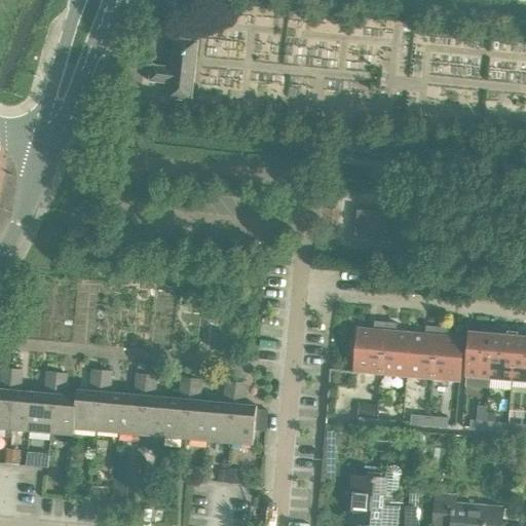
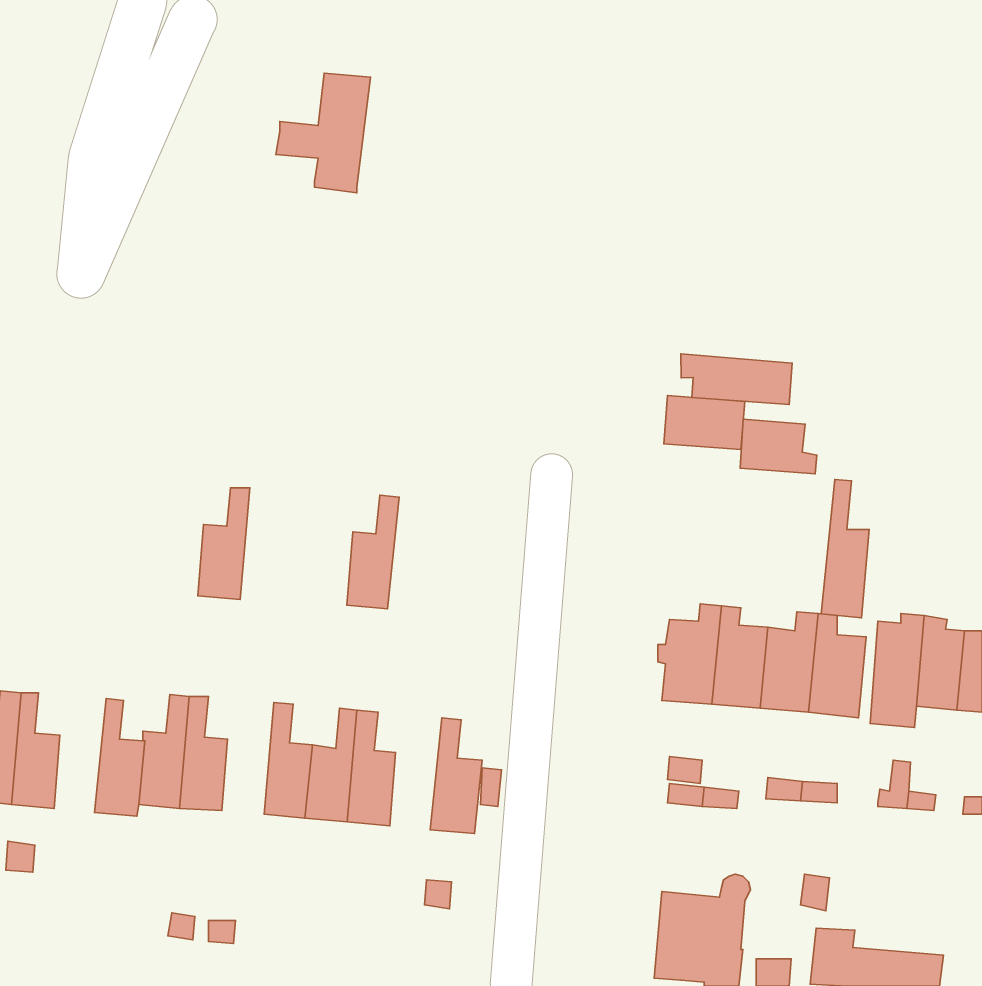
building: none -> [681,354,792,404]
building: none -> [740,419,817,474]
building: none -> [821,480,869,618]
building: [29,371,57,433] -> none
building: [118,374,146,434] -> [198,488,250,600]
building: [208,381,235,442] -> [347,495,399,609]

